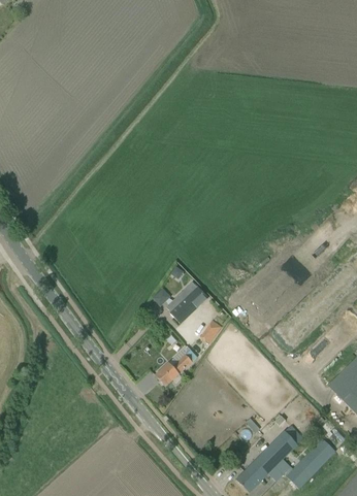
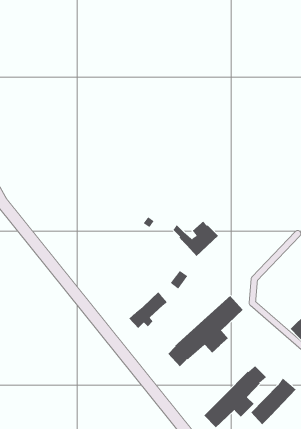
building: [159,280,208,320] -> [173,220,219,257]
building: none -> [168,295,243,367]

